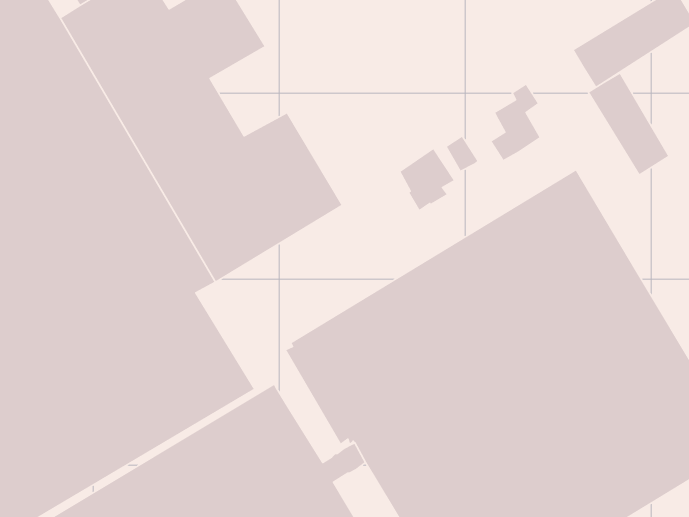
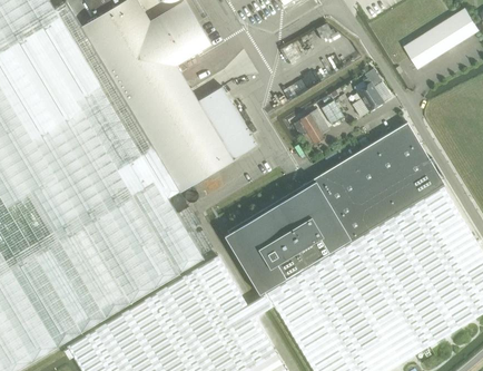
building: [588,73,669,175] -> none

